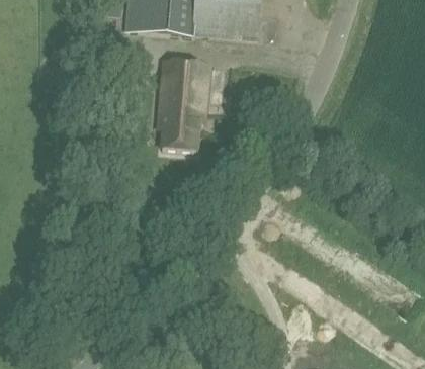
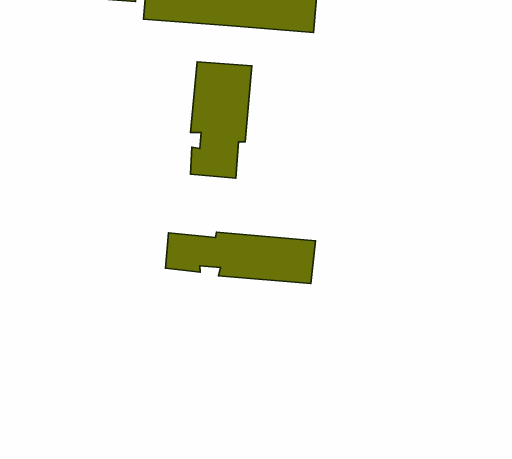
building: none -> [165,232,316,283]

